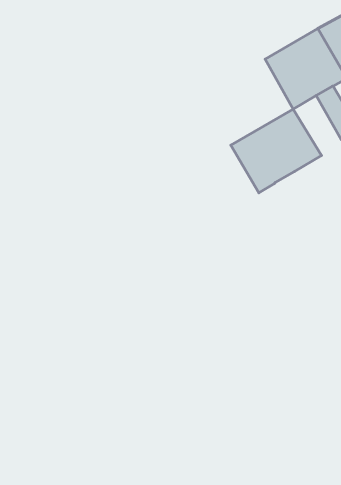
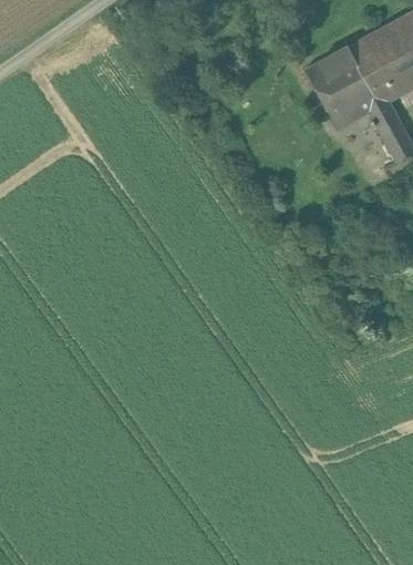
building: [231,109,322,193] -> none

